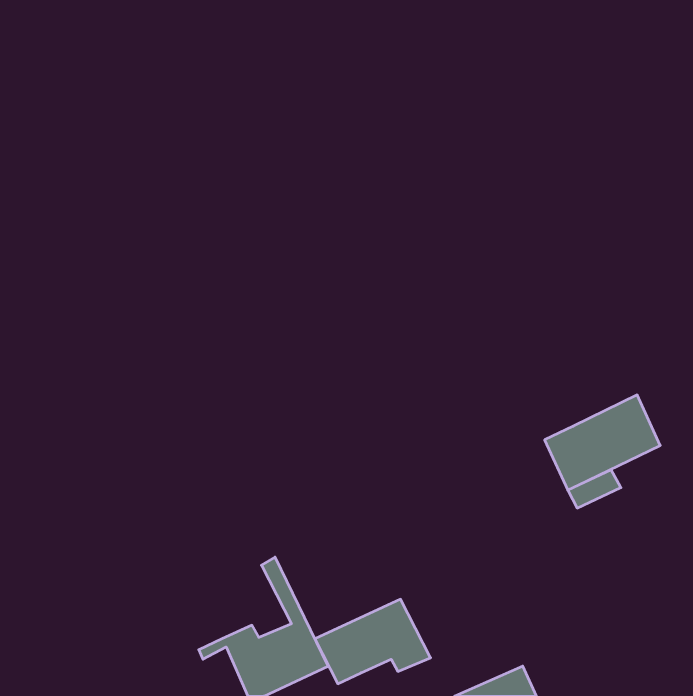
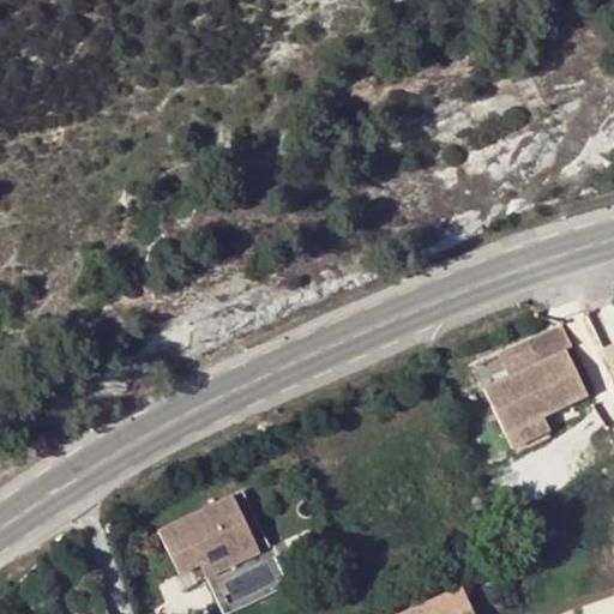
building: none -> [496,323,571,375]
building: [315,599,431,684] -> [157,498,259,572]

